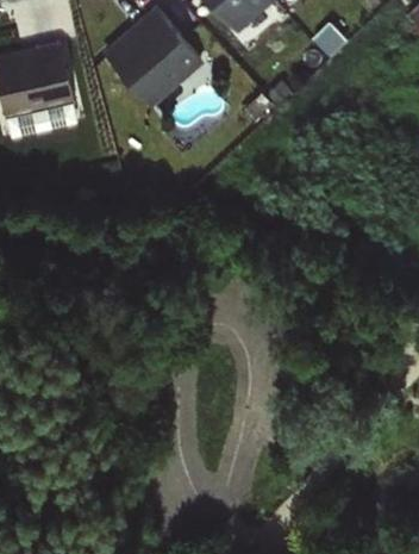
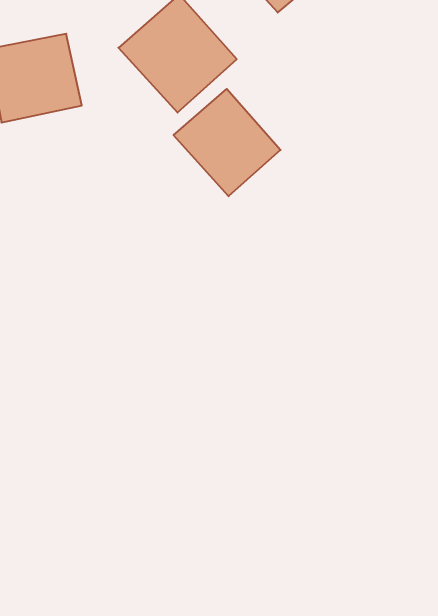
building: none -> [174,89,281,196]

